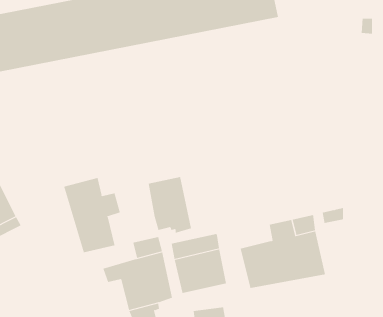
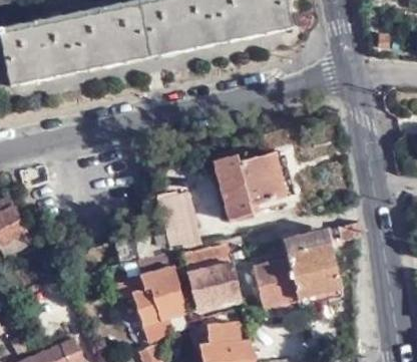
building: none -> [218,151,288,220]
building: [63,177,120,253] -> none

